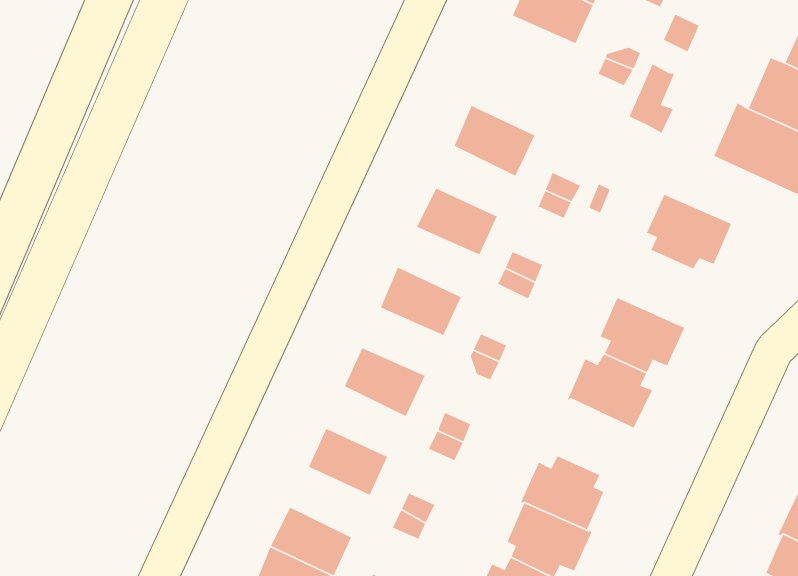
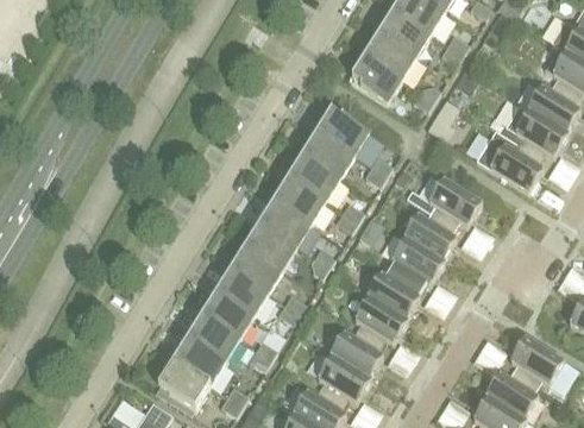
building: none -> [350,56,401,102]
building: none -> [303,131,353,177]
building: none -> [274,177,325,224]
building: none -> [403,210,457,259]
building: none -> [245,224,296,269]
building: none -> [216,269,266,315]
building: none -> [354,295,408,344]
building: none -> [188,315,238,361]

